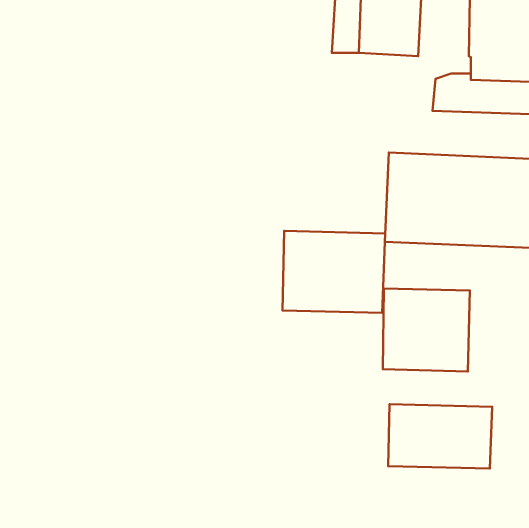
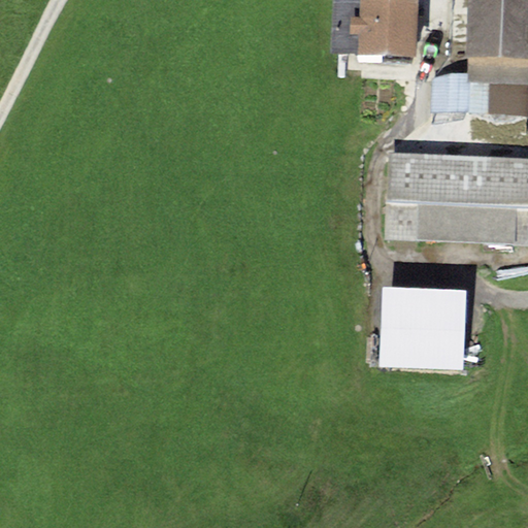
building: [283,231,385,313] -> none
building: [388,404,492,469] -> none

